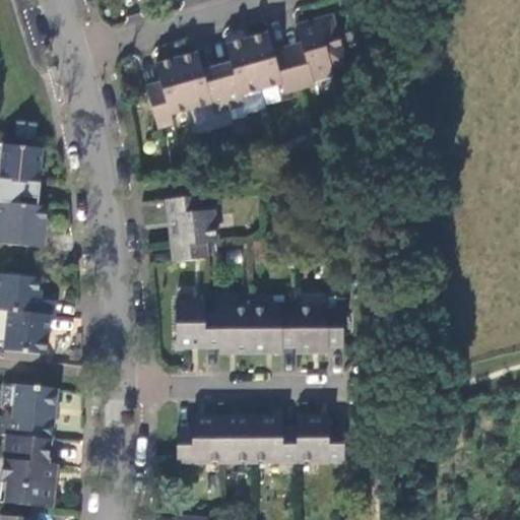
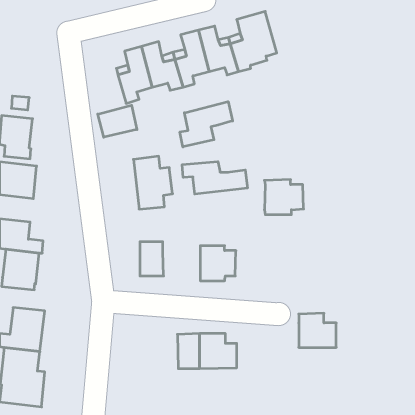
building: none -> [180,102,233,147]
building: none -> [98,105,137,137]
building: none -> [182,162,247,194]
building: [203,308,250,351] -> none
building: [294,308,342,351] -> [264,180,304,215]
building: [296,417,342,460] -> [299,313,336,347]
building: [176,418,222,461] -> none

